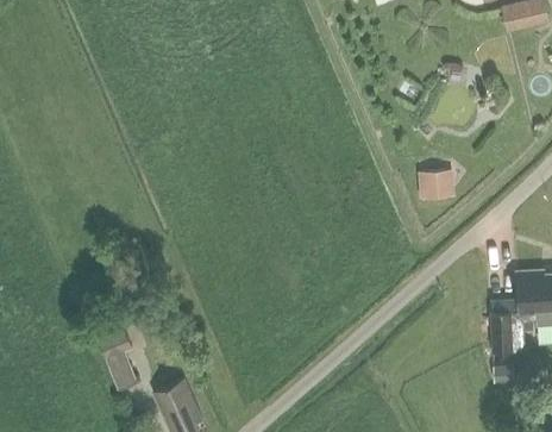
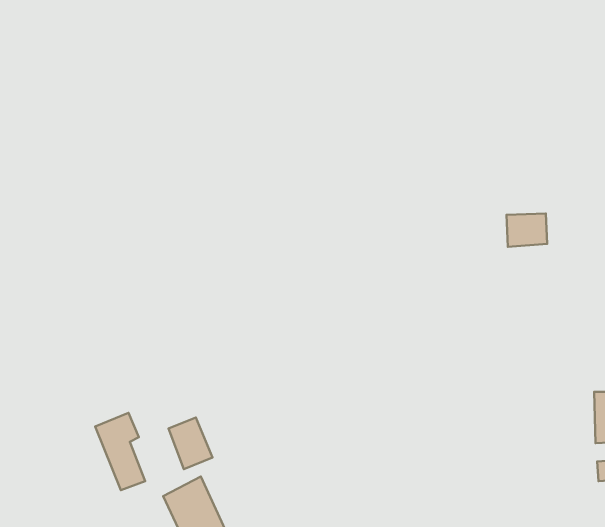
building: none -> [169,418,212,469]

